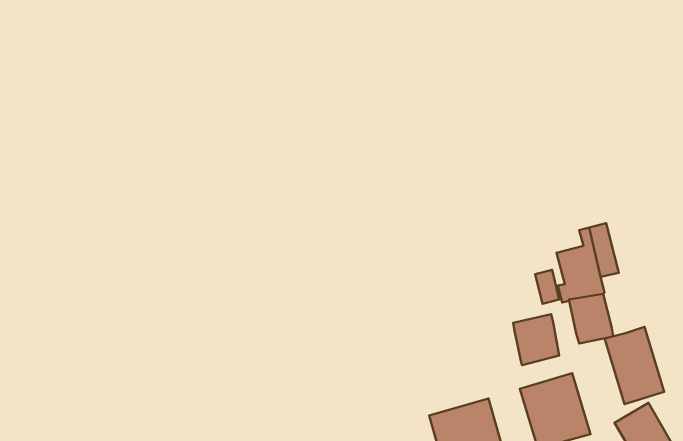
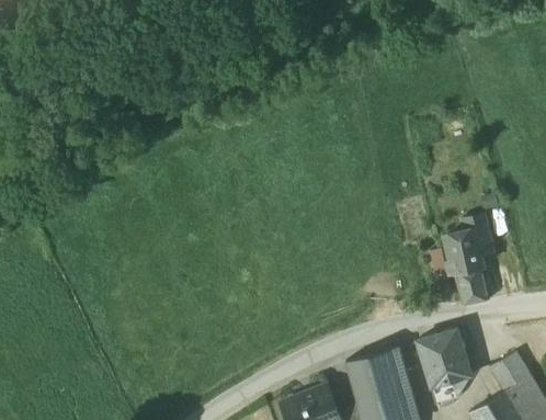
building: [513,314,559,365] -> none
building: [605,327,664,404] -> none

